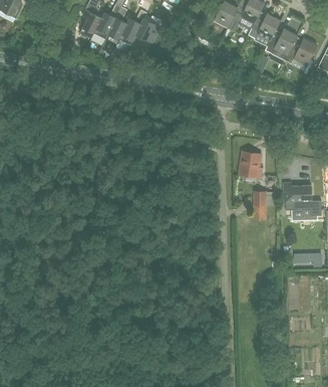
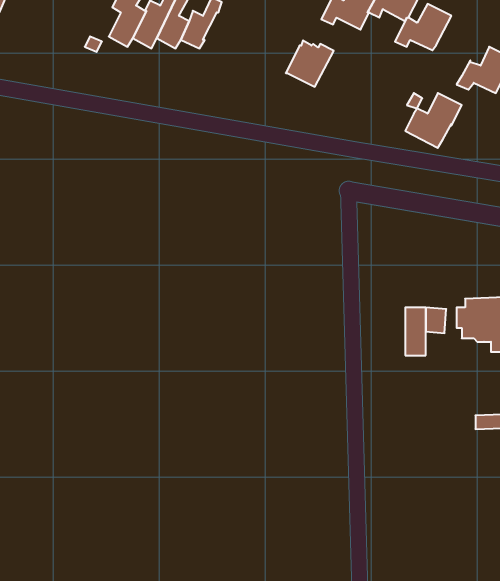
building: [135,15,163,42] -> [286,40,334,87]
building: [265,28,298,60] -> [405,93,462,148]
building: [239,151,262,177] -> none

